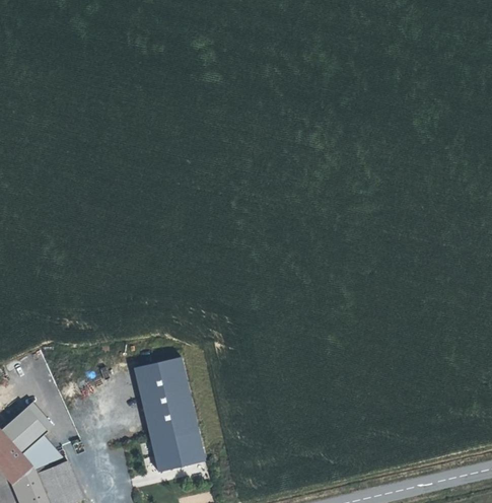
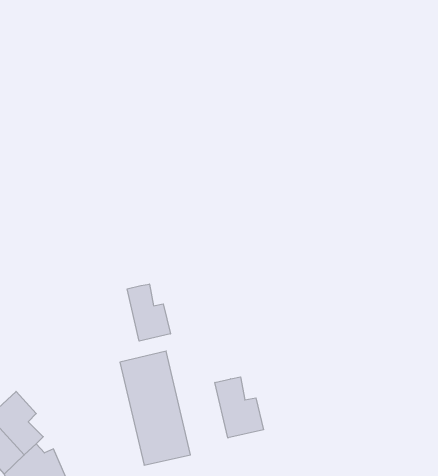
building: none -> [127,284,170,341]
building: none -> [215,377,263,438]

